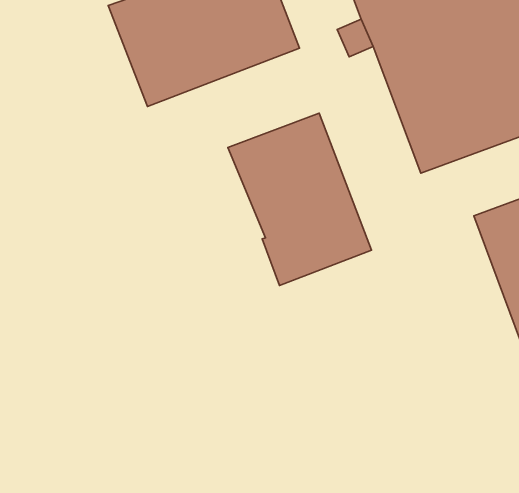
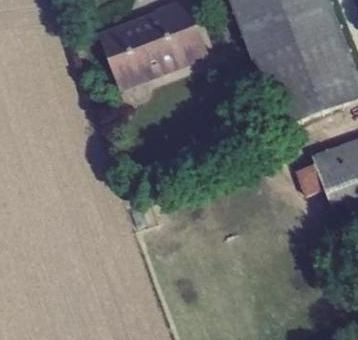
building: [228,113,372,285] -> none

